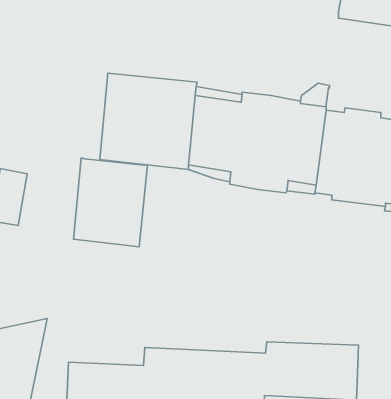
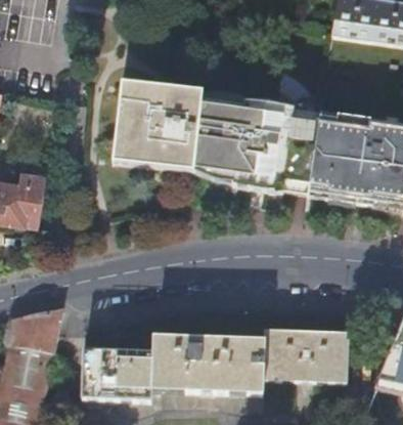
building: [73,158,148,247] -> none

